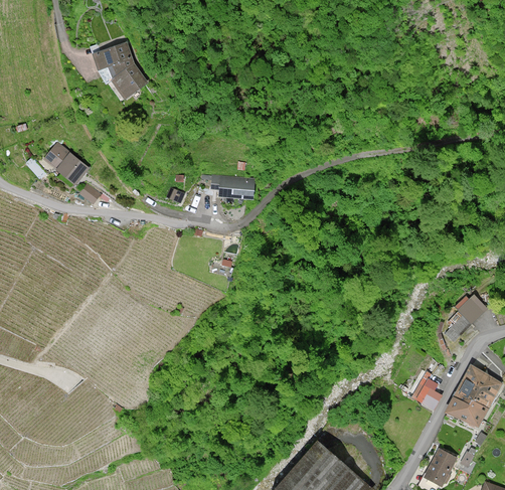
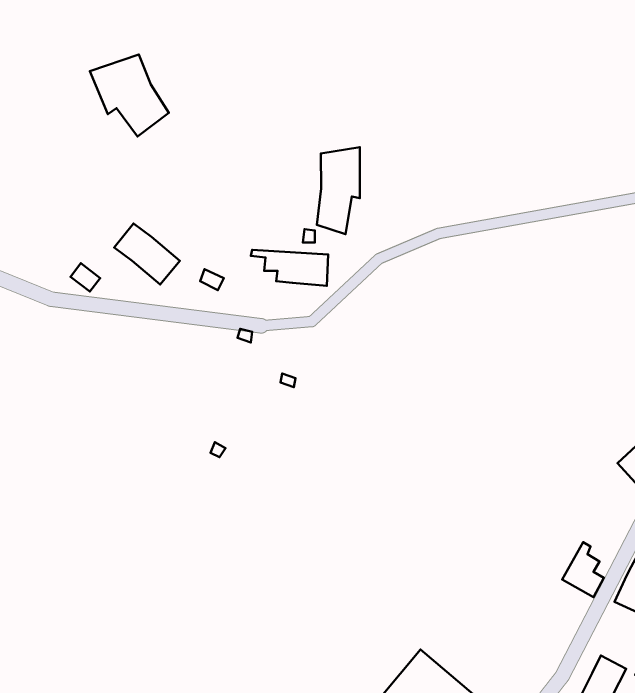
building: none -> [317,147,360,234]
building: [43,142,88,183] -> [114,224,180,285]

